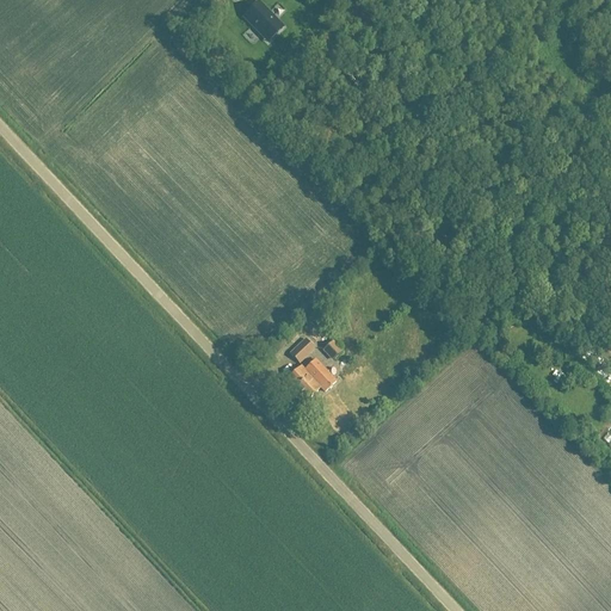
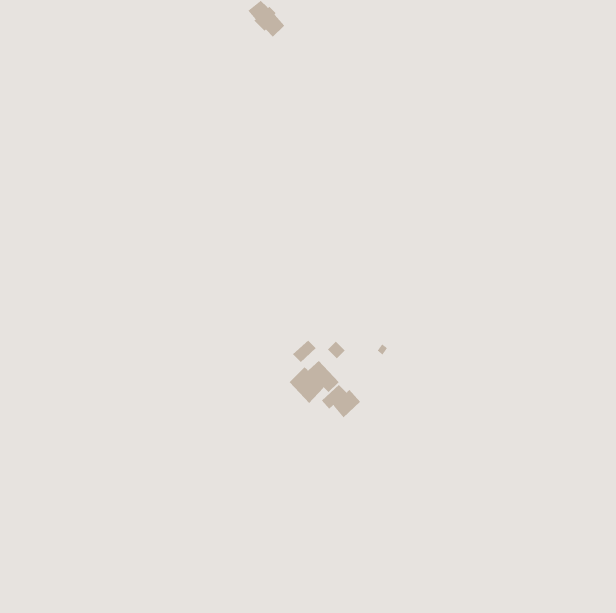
building: none -> [321,384,361,418]

